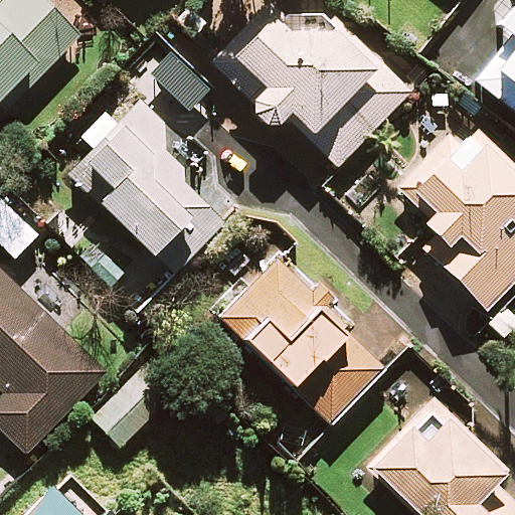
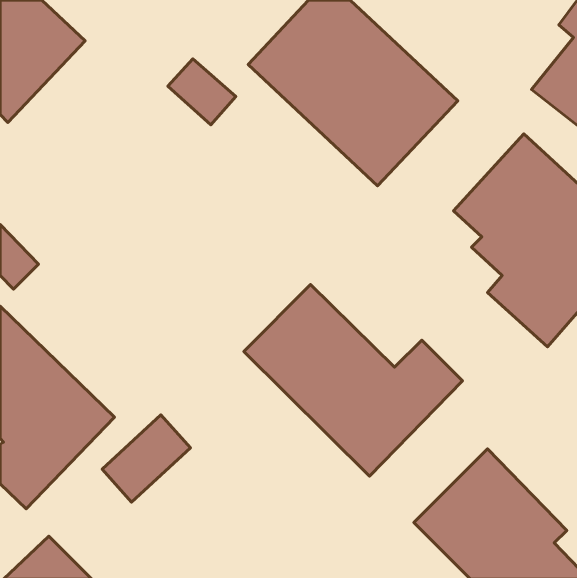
building: [68,98,235,272] -> none

